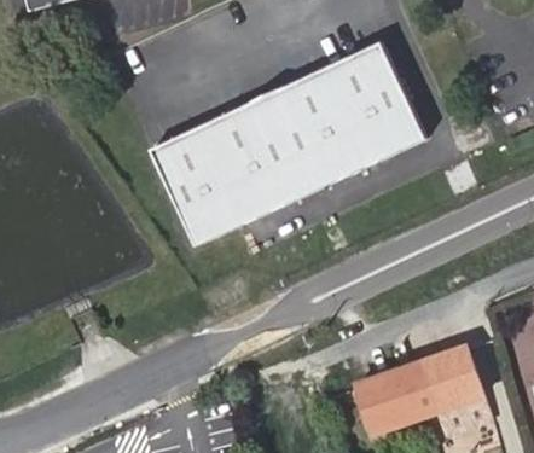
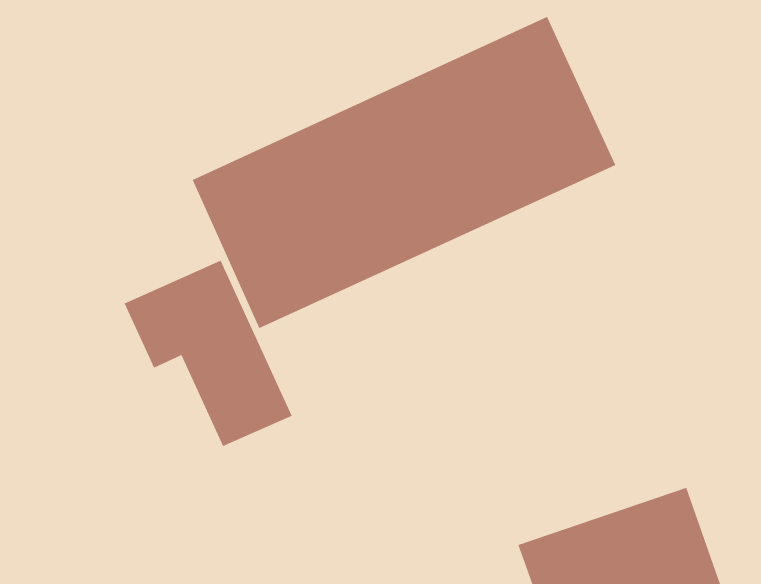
building: none -> [124,260,292,447]

